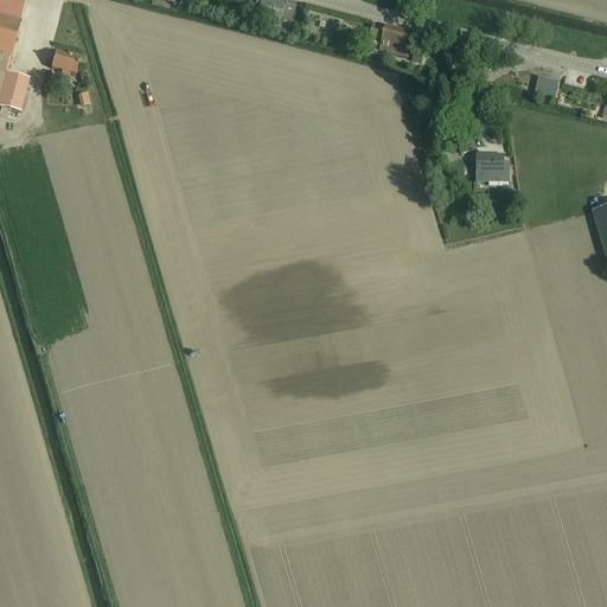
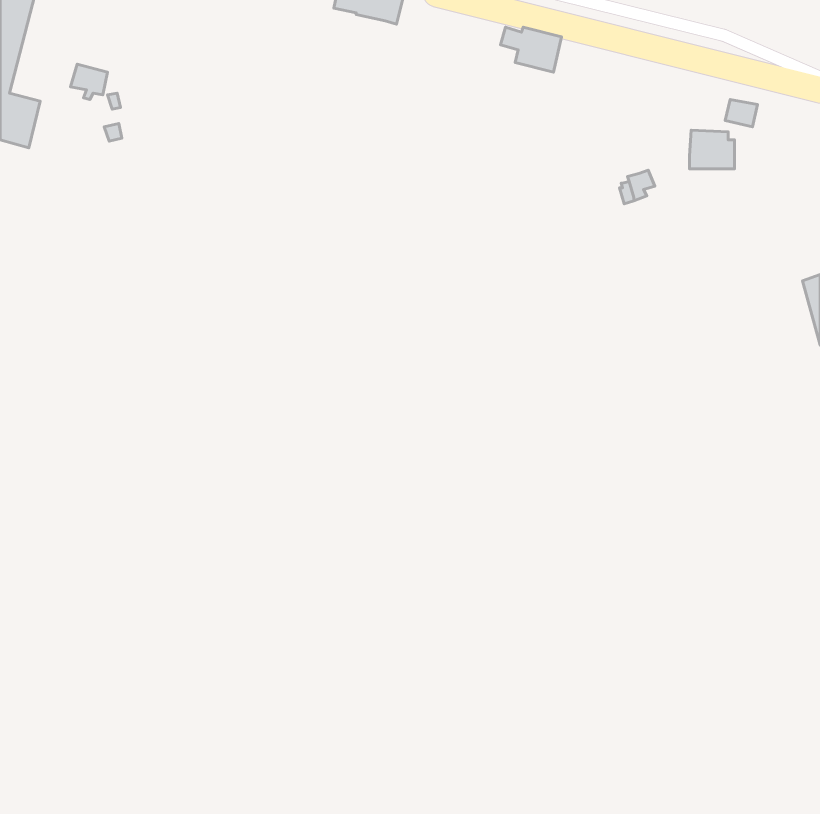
building: [477,151,510,179] -> [689,130,734,169]

